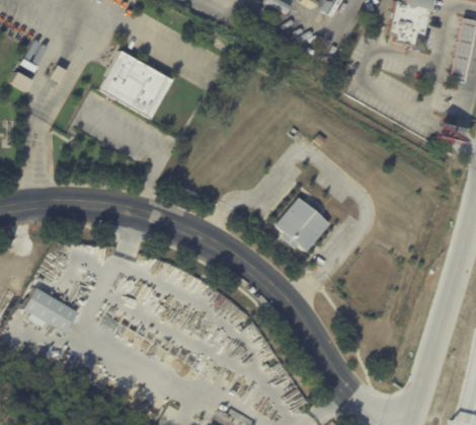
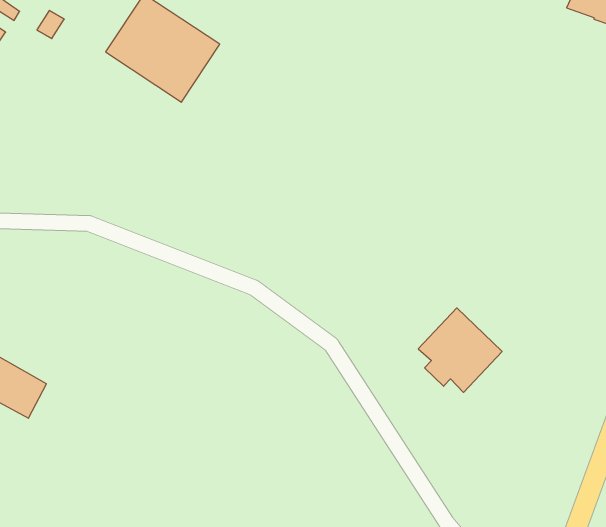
building: [273,197,328,252] -> [418,308,502,392]

